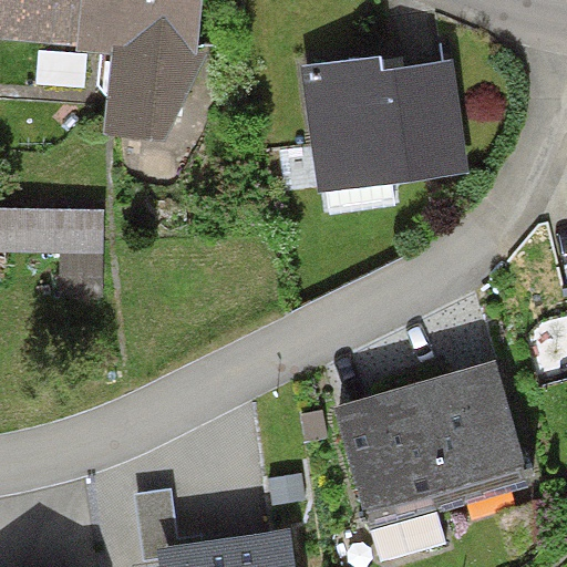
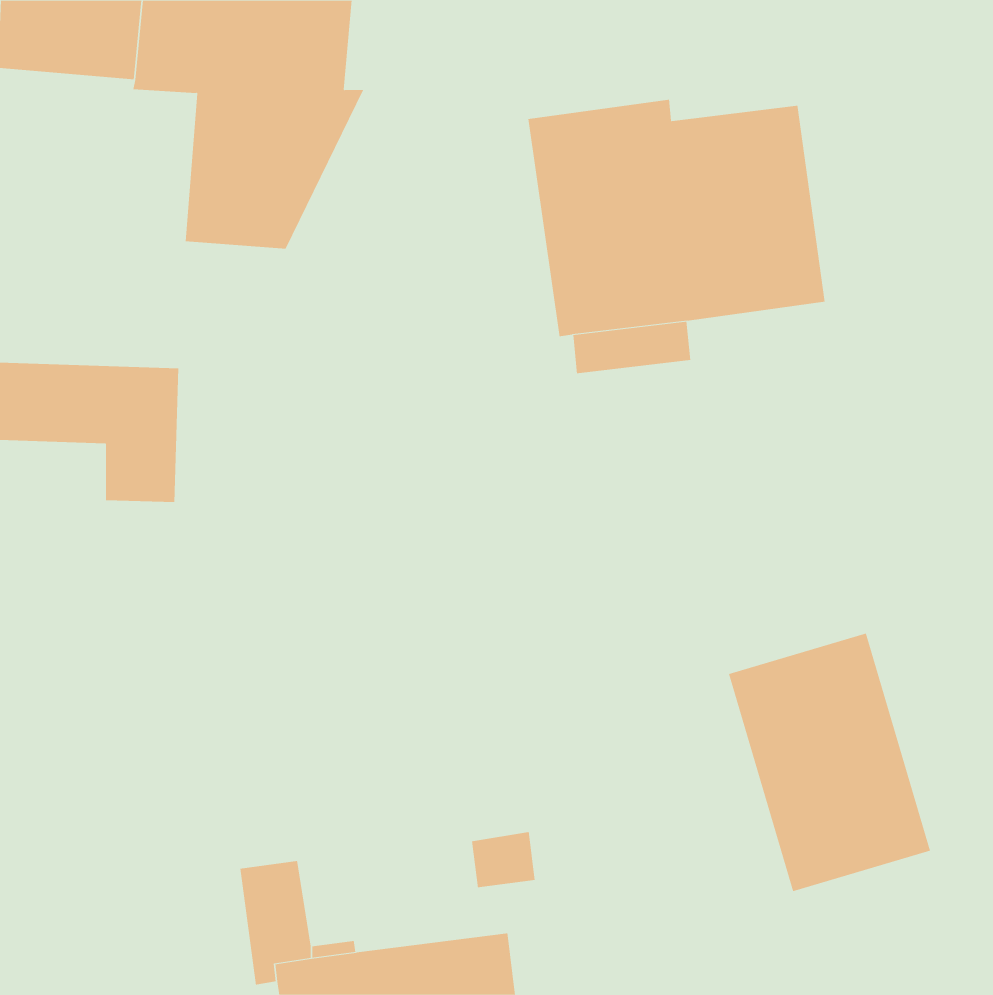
building: [332,383,451,530] -> none

